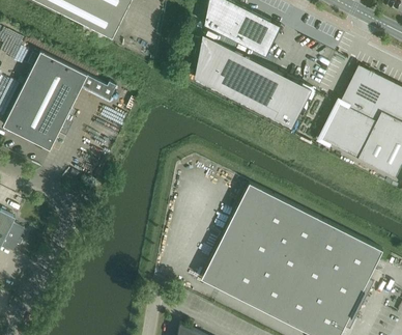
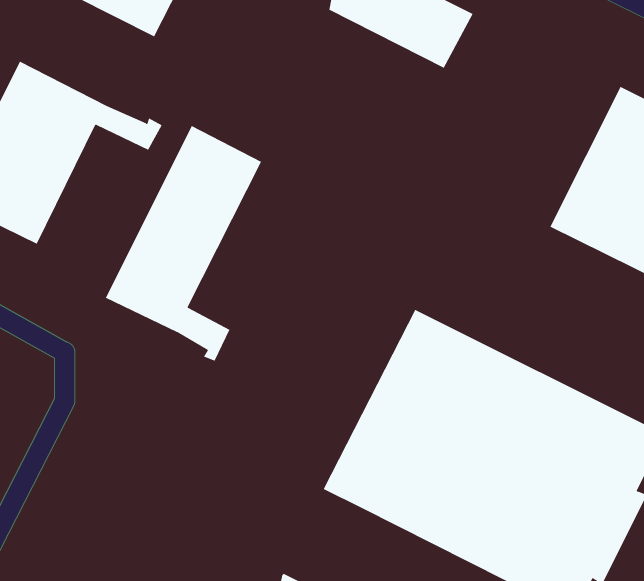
building: [193,33,311,129] -> none
building: none -> [105,125,262,361]

